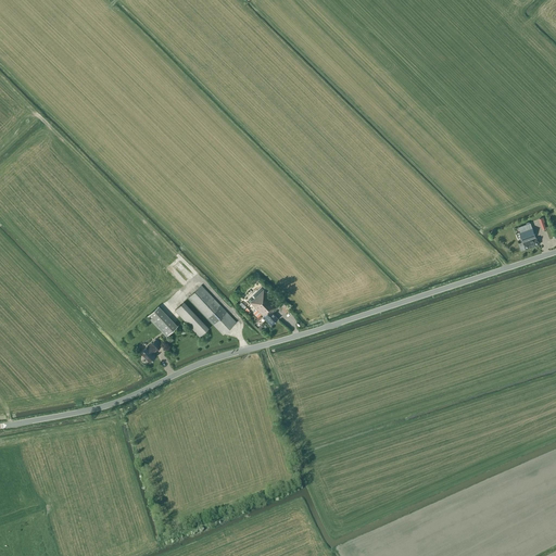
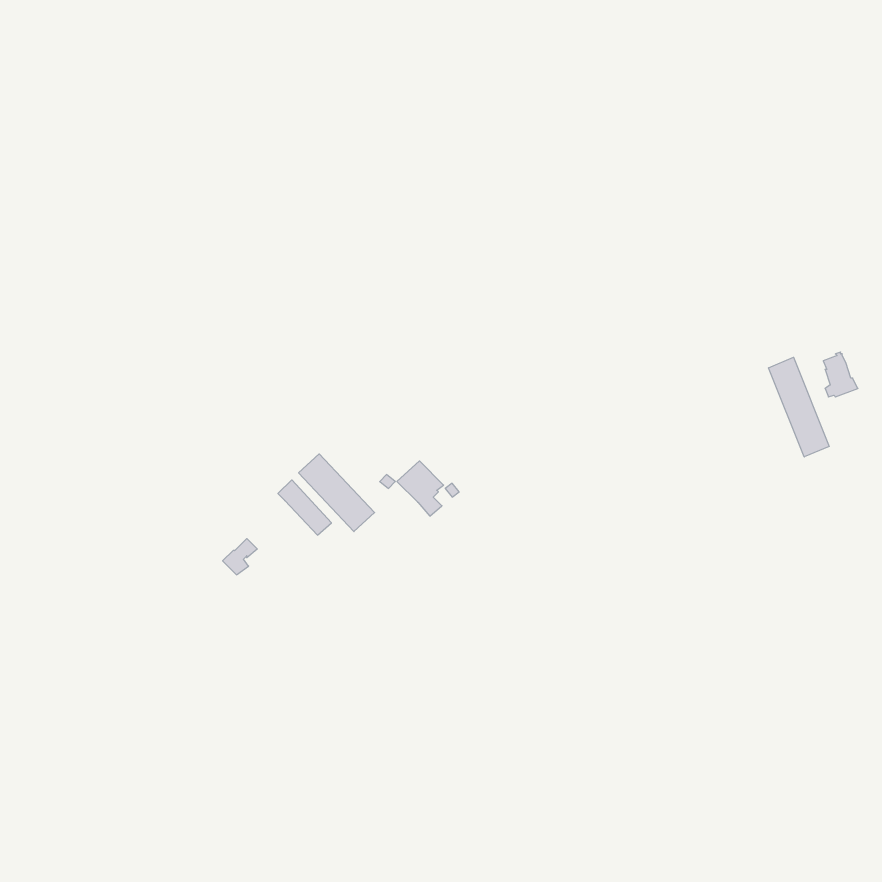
building: none -> [769,357,829,457]
building: [147,306,177,337] -> none

